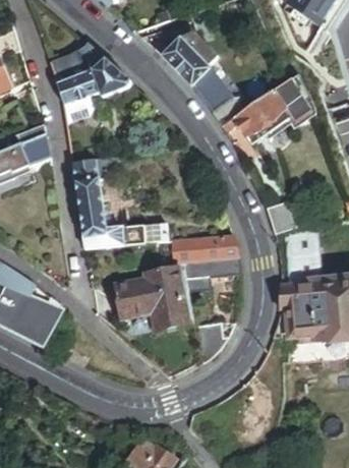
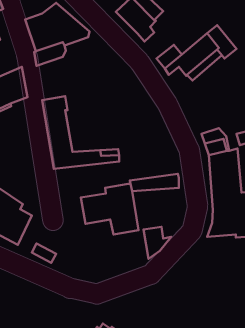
building: [196,66,233,112] -> none
building: [173,234,238,265] -> none

